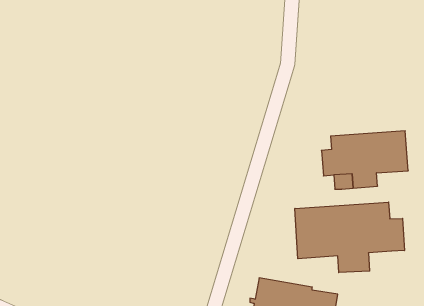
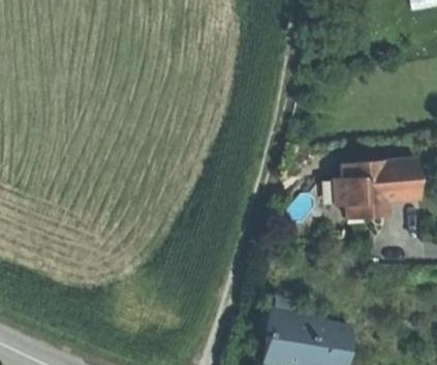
building: [295,202,404,273] -> none

